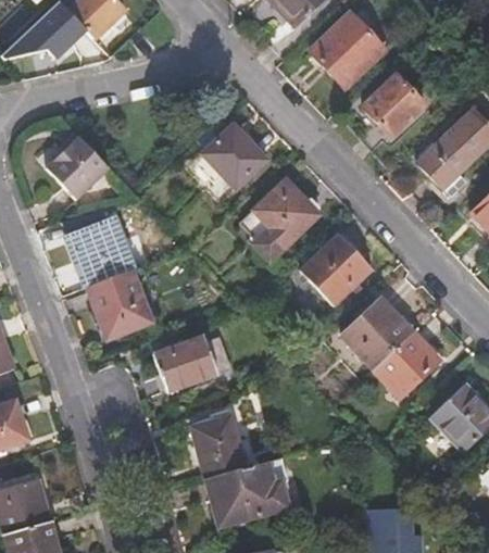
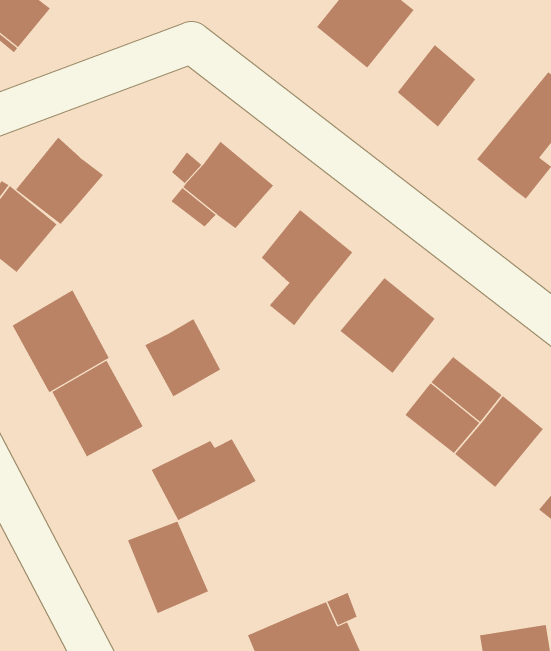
building: none -> [15,137,104,225]
building: none -> [145,318,221,397]
building: [192,414,246,478] -> [127,521,209,614]

